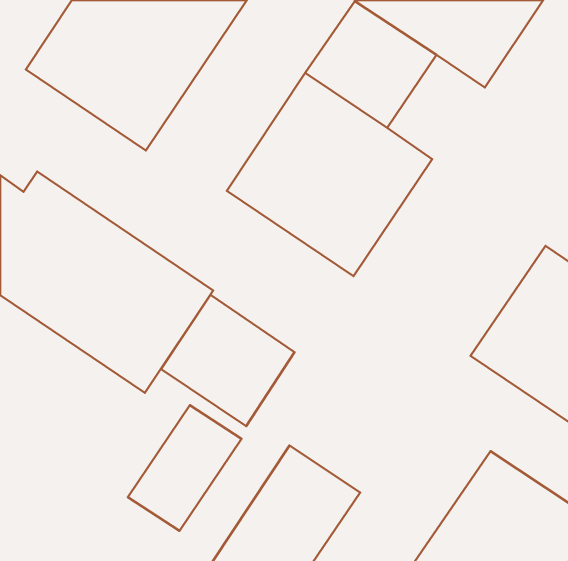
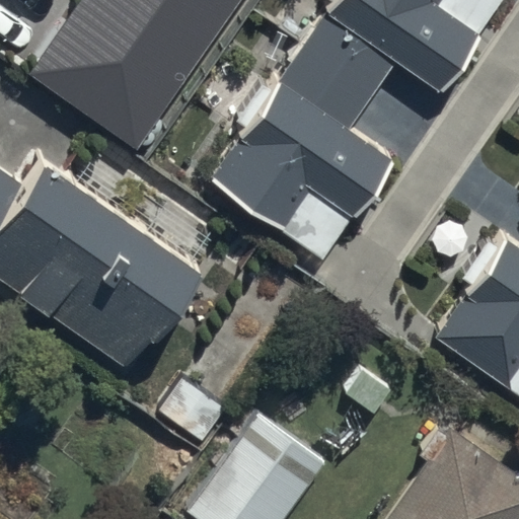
building: [161,295,295,426] -> none

